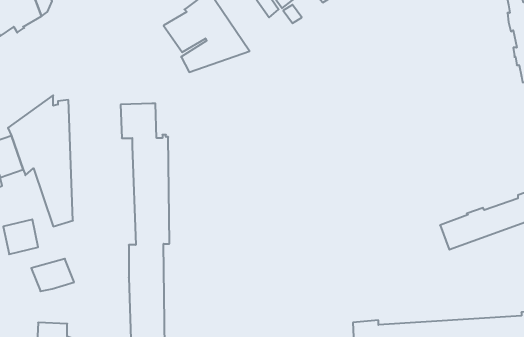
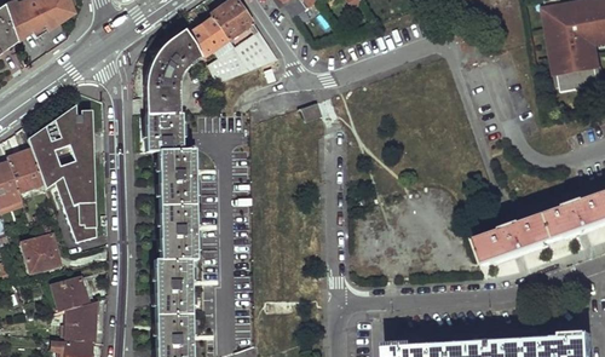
building: none -> [144,29,201,114]
building: none -> [62,299,97,338]

